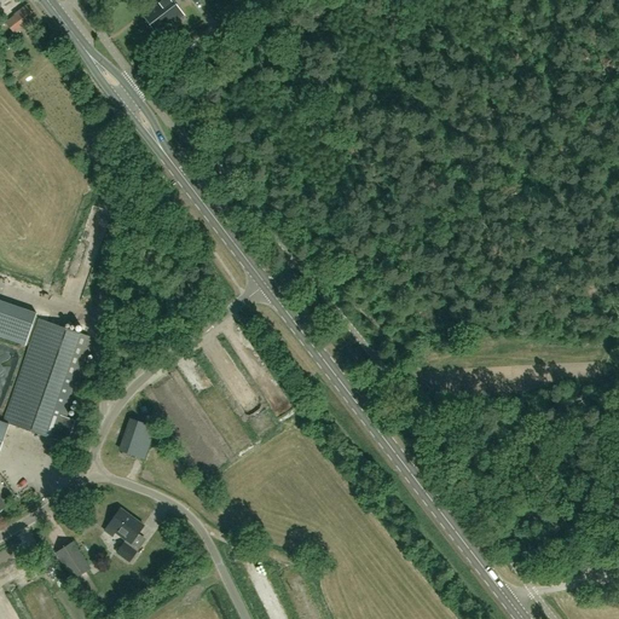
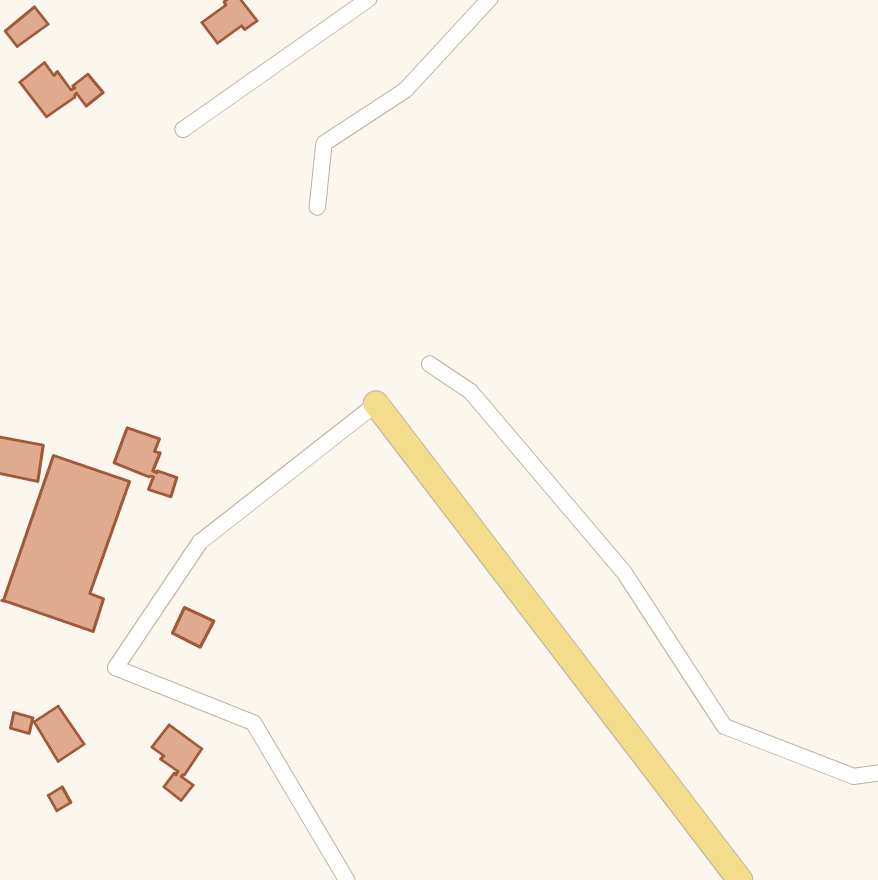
building: none -> [20,63,103,117]
building: none -> [114,428,177,497]
building: [53,540,88,579] -> [34,706,84,761]

